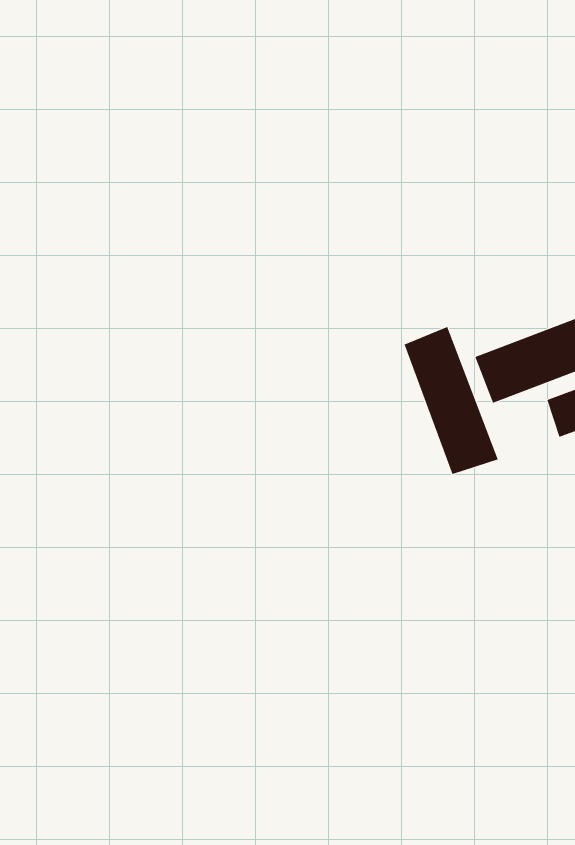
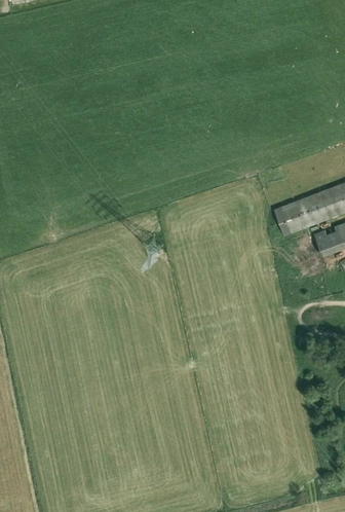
building: [404,326,498,475] -> none

